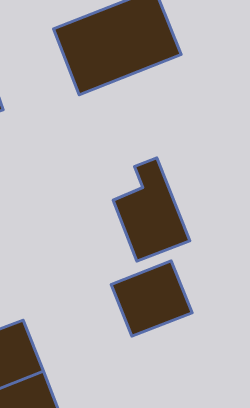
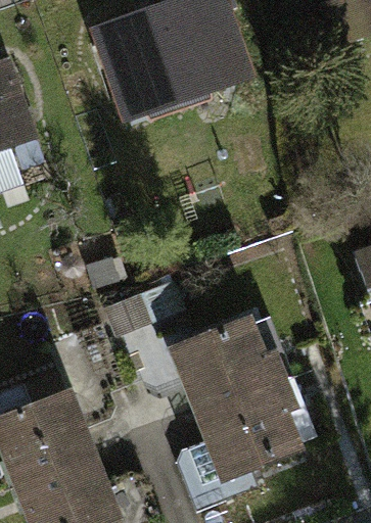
building: [113,158,190,261] -> none
building: none -> [187,384,297,486]

